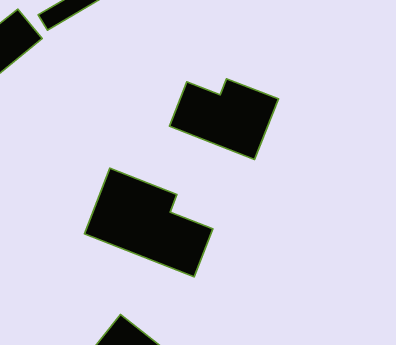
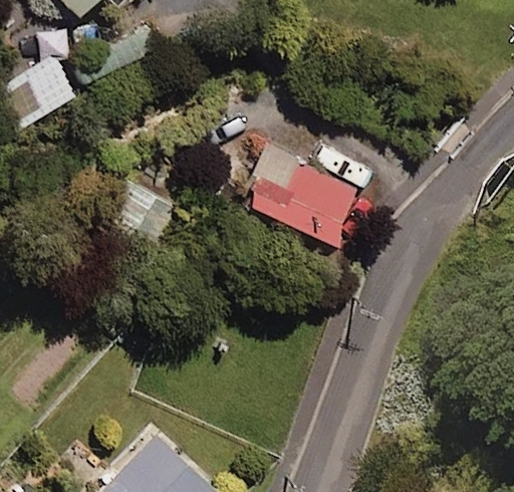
building: [85,168,213,277] -> none

